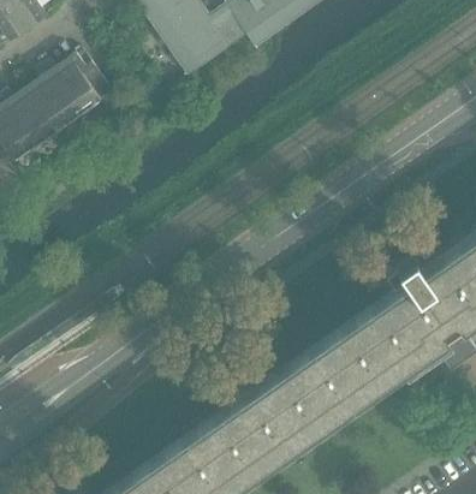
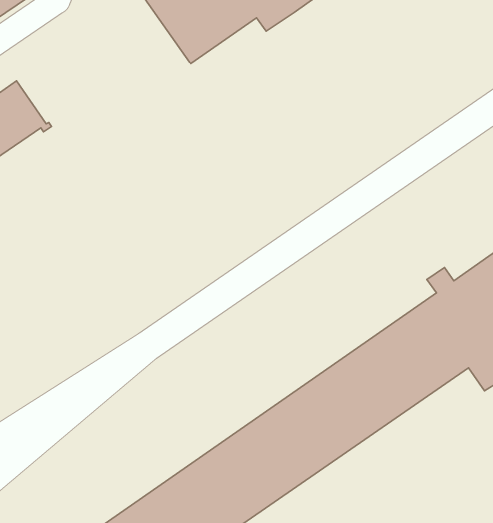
building: [35,53,115,135] -> none

